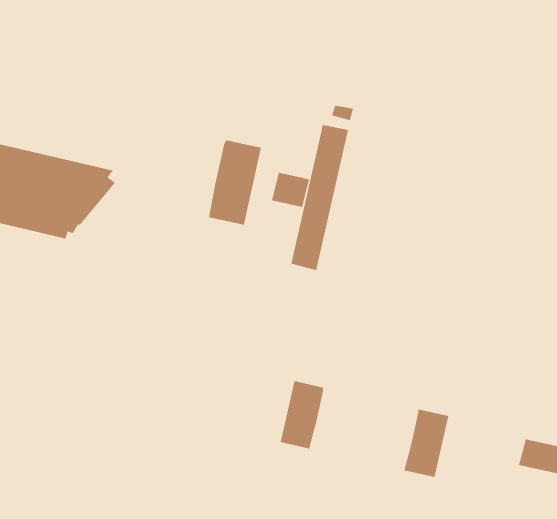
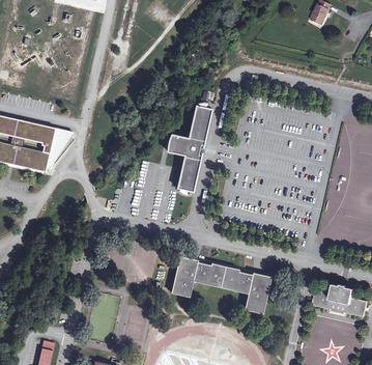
building: [208,140,261,225] -> none
building: none -> [193,260,252,291]

